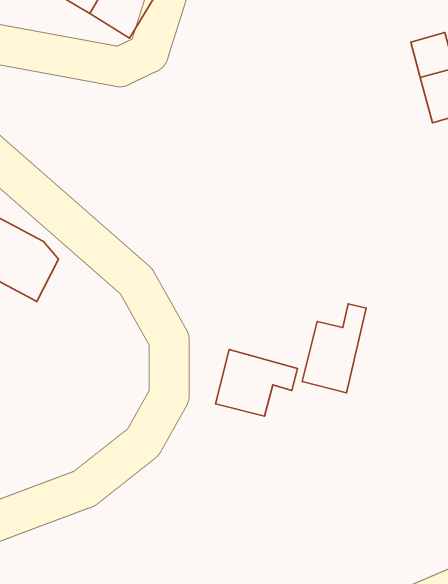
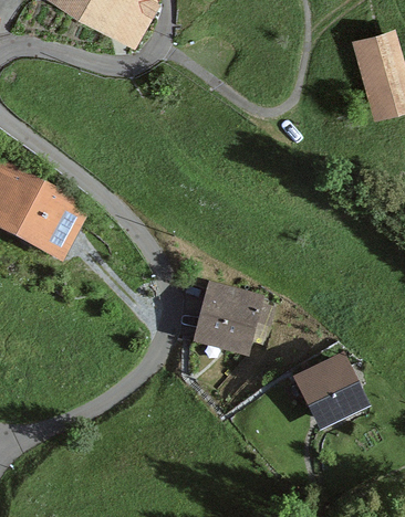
building: [302,304,366,393] -> none
building: none -> [300,361,356,421]

